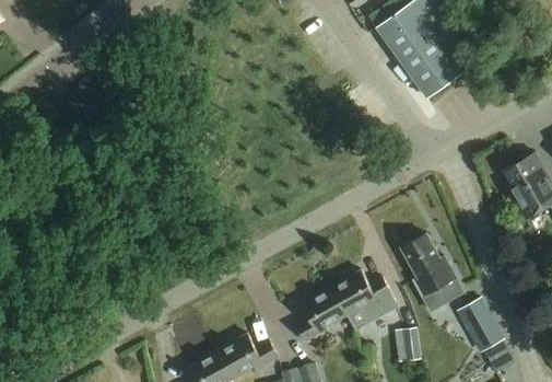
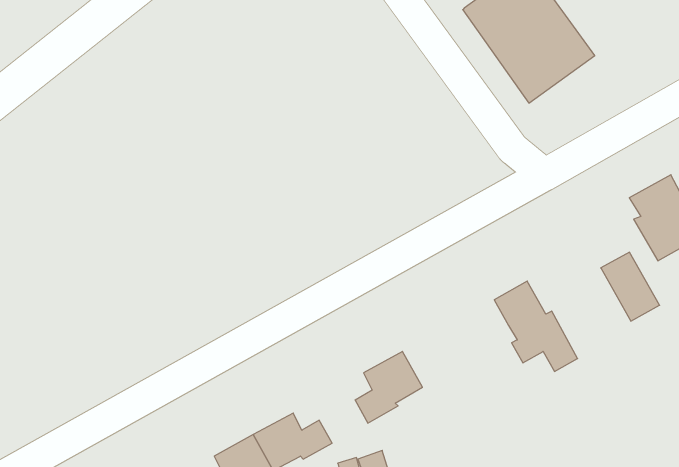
building: [330,270,398,322] -> none
building: [459,298,504,350] -> [601,252,660,321]
building: [394,328,420,362] -> none

